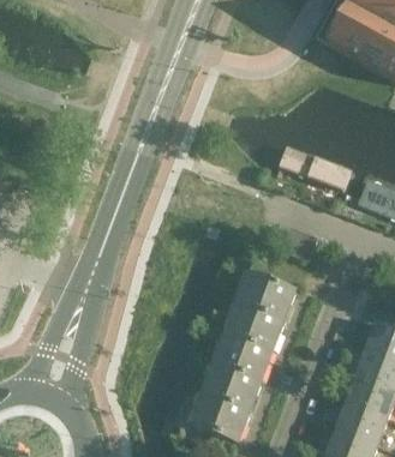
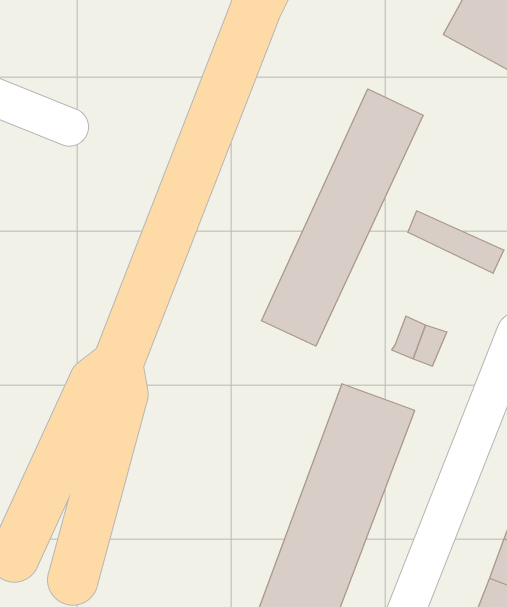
building: none -> [262,89,423,346]

